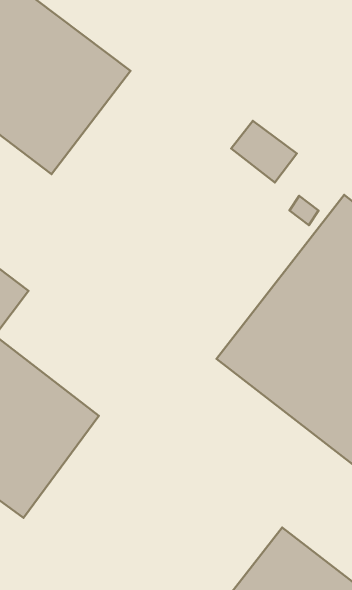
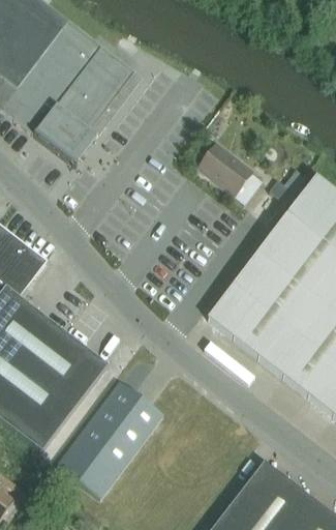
building: [231,121,297,183] -> [197,144,253,197]
building: none -> [57,381,163,498]

